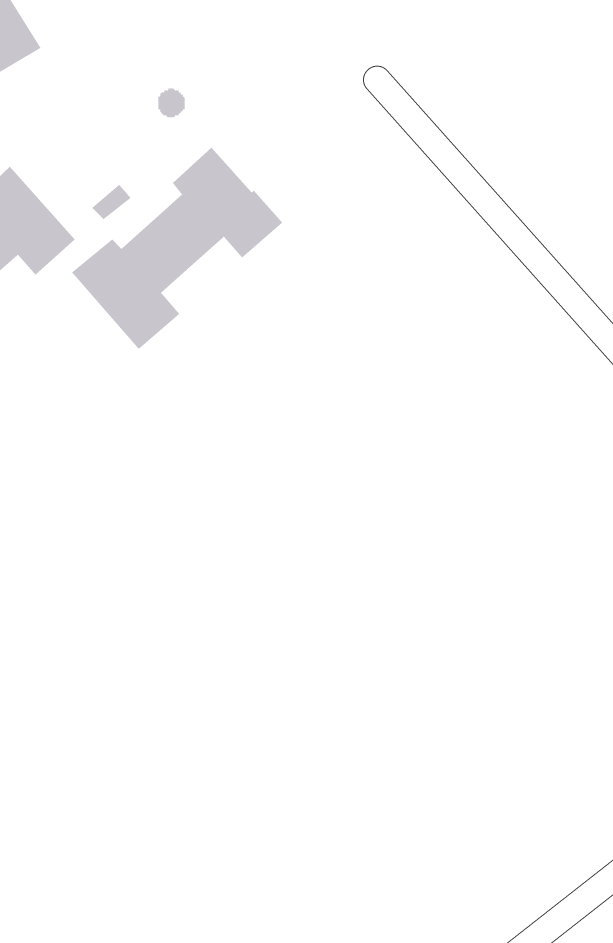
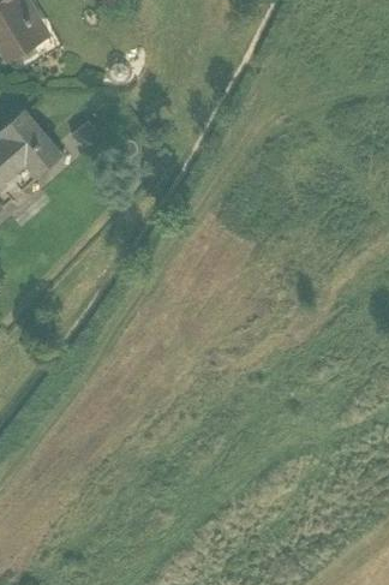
building: [71,147,283,350] -> none

